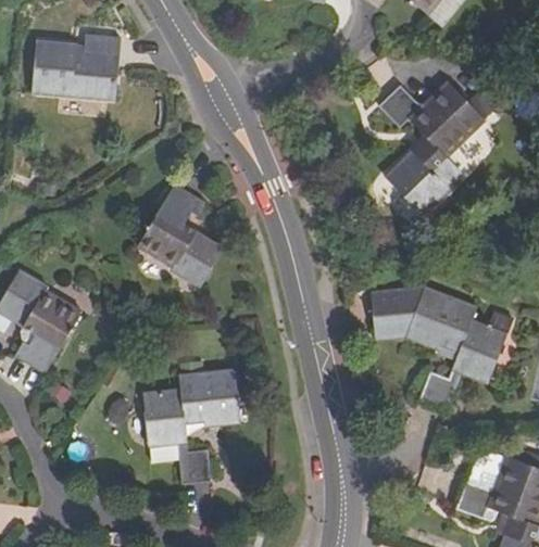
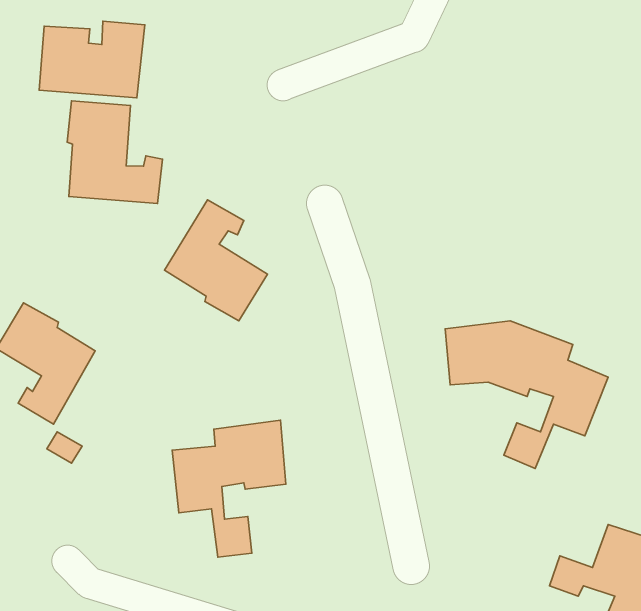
building: [380,79,496,214] -> none
building: none -> [67,101,162,204]

